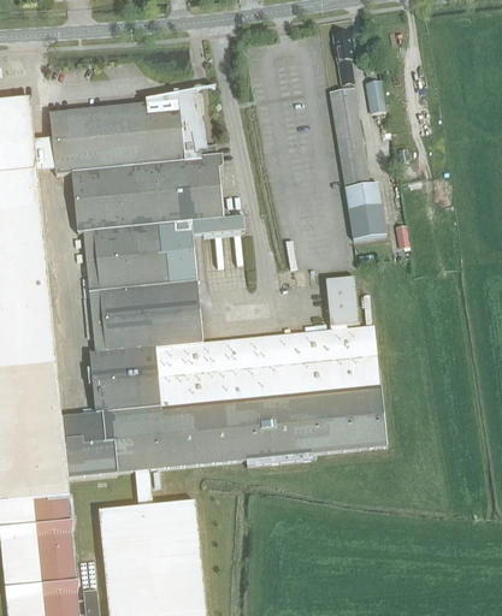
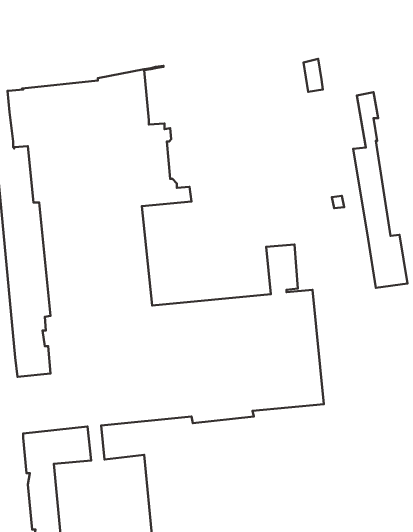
building: [329,30,386,238] -> [353,92,408,288]

